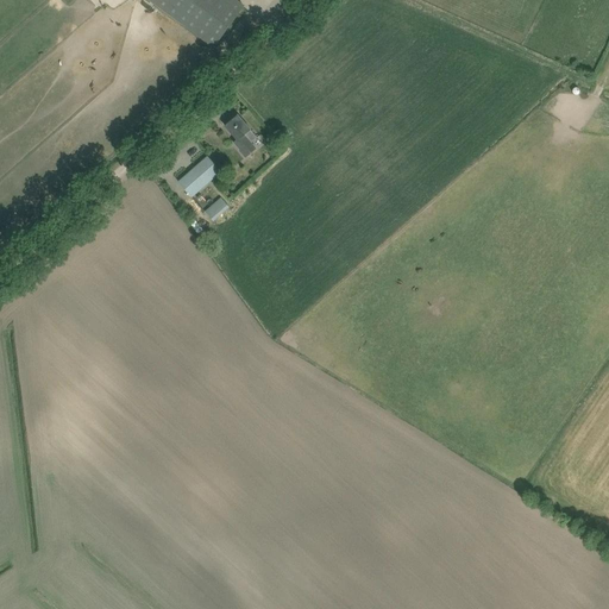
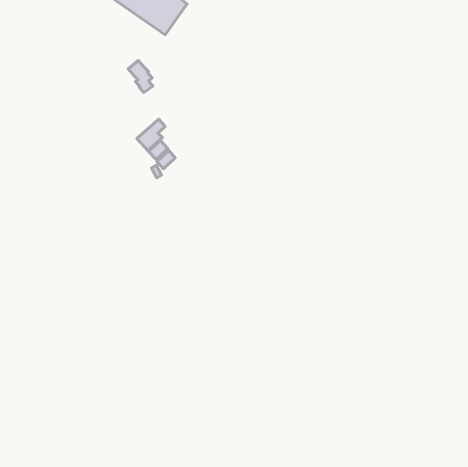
building: [224,113,256,155] -> [128,61,153,93]

